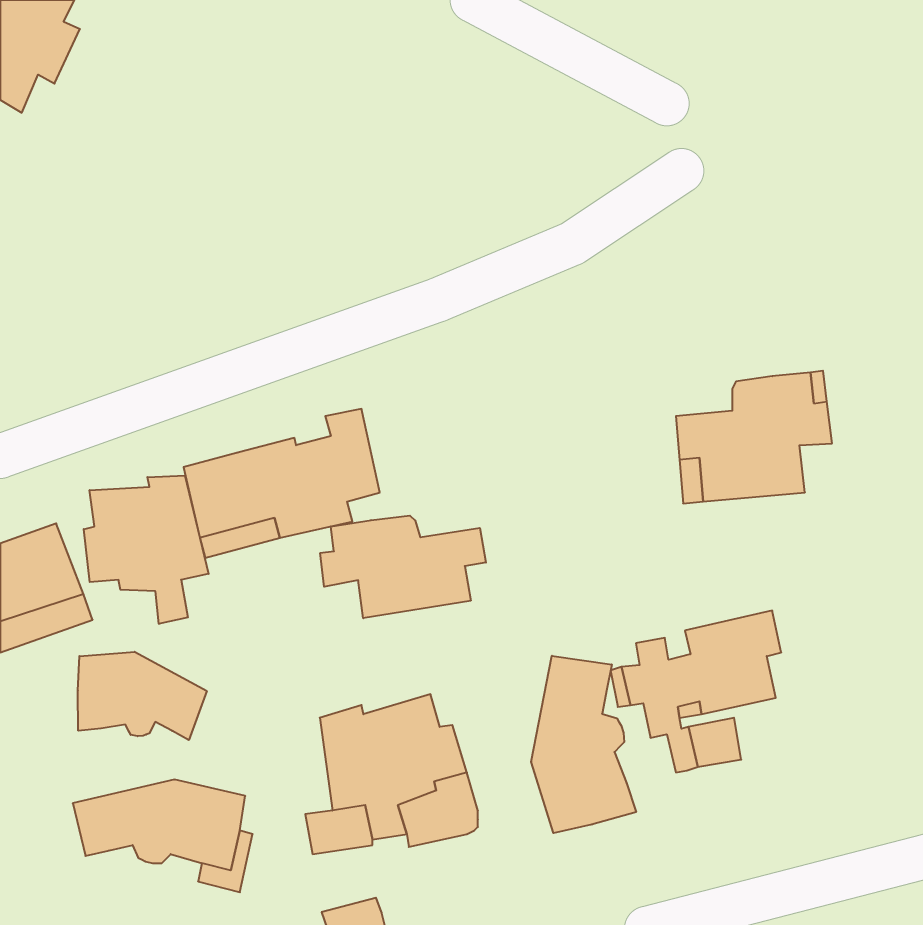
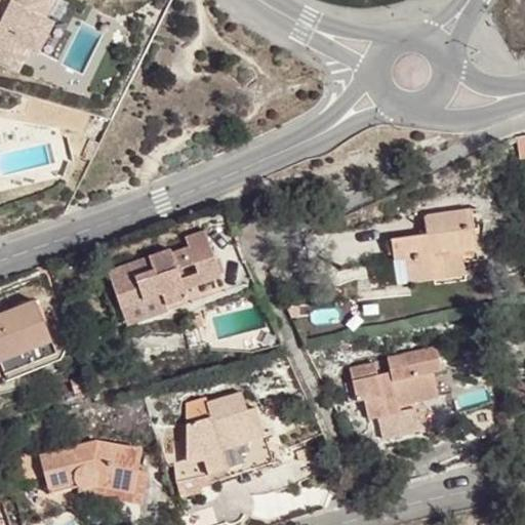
building: [84,475,209,624] -> none
building: [320,516,486,618] -> none
building: [78,652,207,740] -> none
building: [531,656,636,833] -> none

